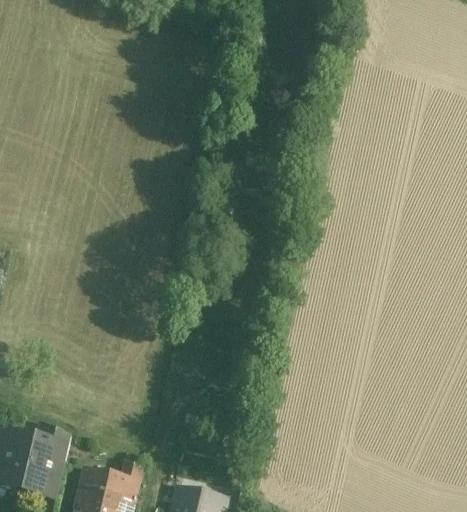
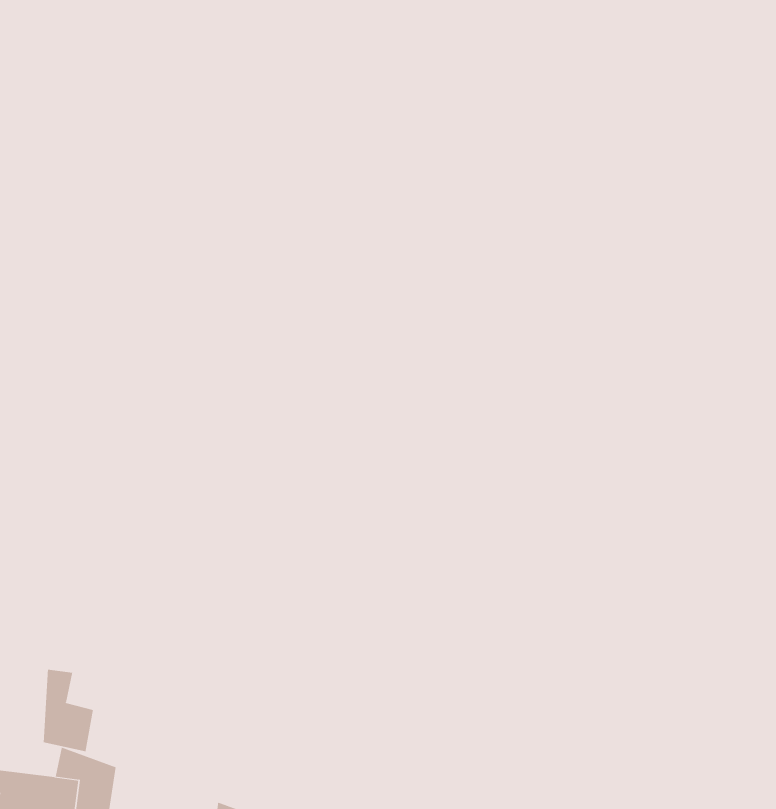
building: none -> [43,669,93,752]

